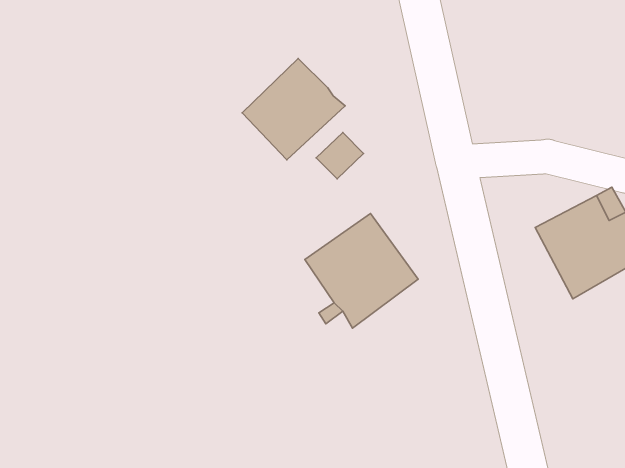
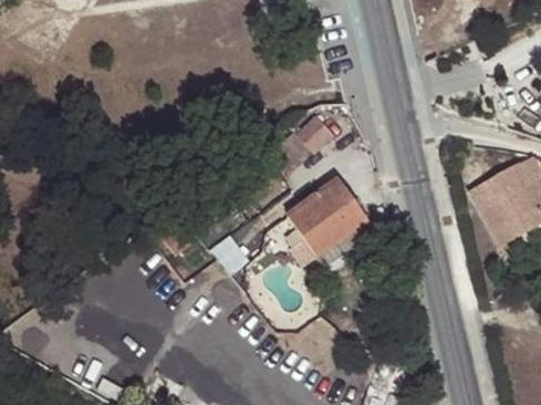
building: [242,58,345,160] -> none

